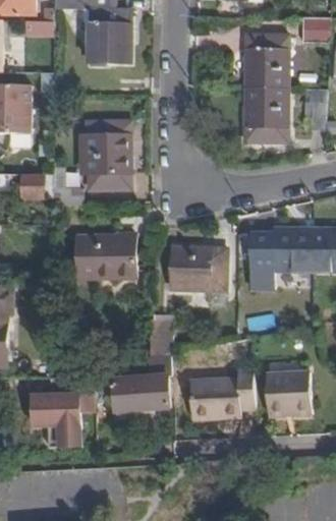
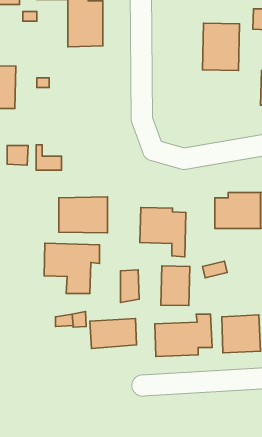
building: [243,89,286,141] -> none
building: [89,137,129,187] -> none
building: none -> [161,266,190,306]
building: [31,387,95,445] -> [44,243,100,293]

